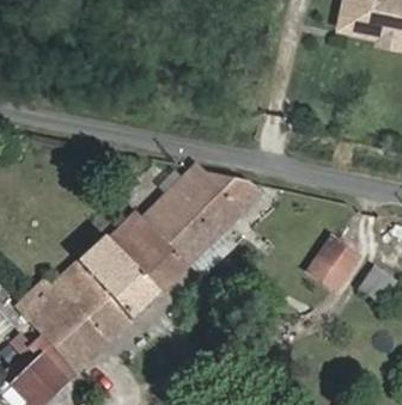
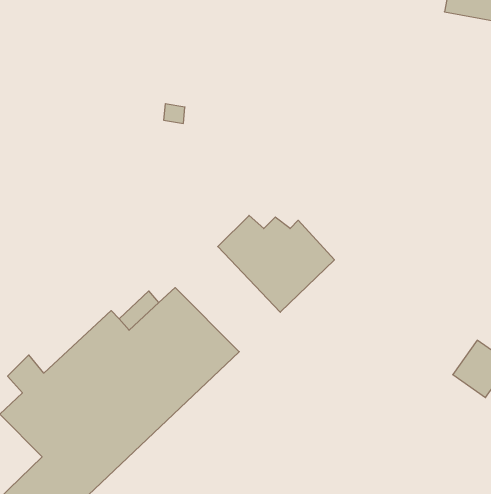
building: [145,191,221,268] -> none
building: [297,229,352,287] -> none

